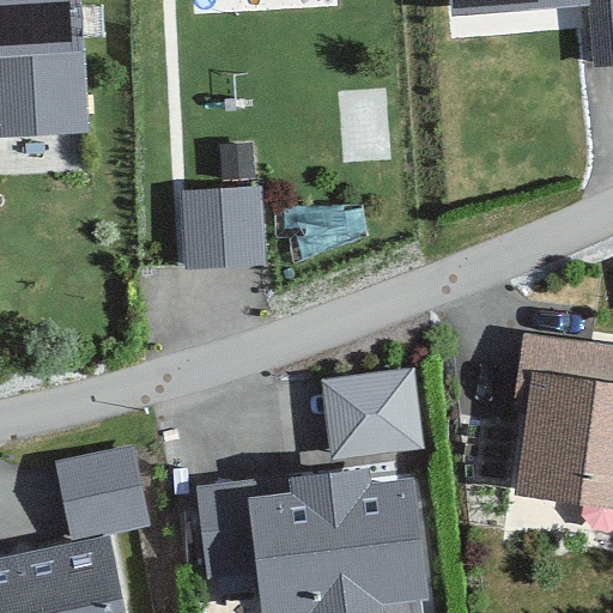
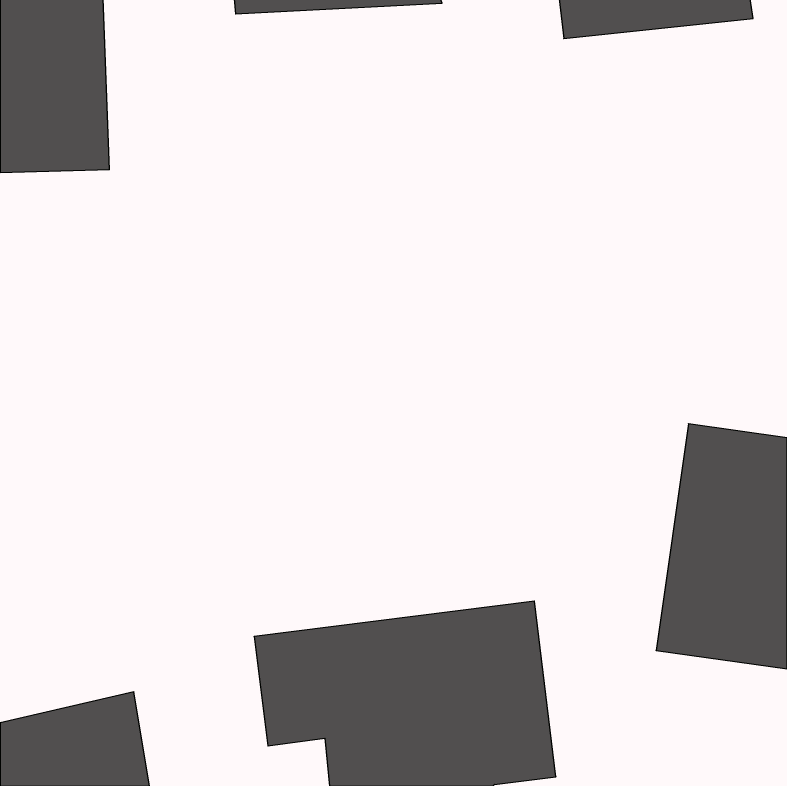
building: [182,188,267,271] -> none
building: [321,371,421,459] -> none
building: [47,445,150,536] -> none

